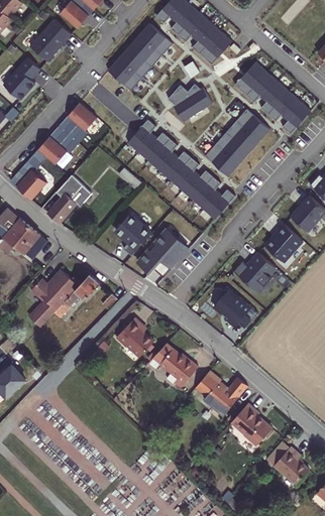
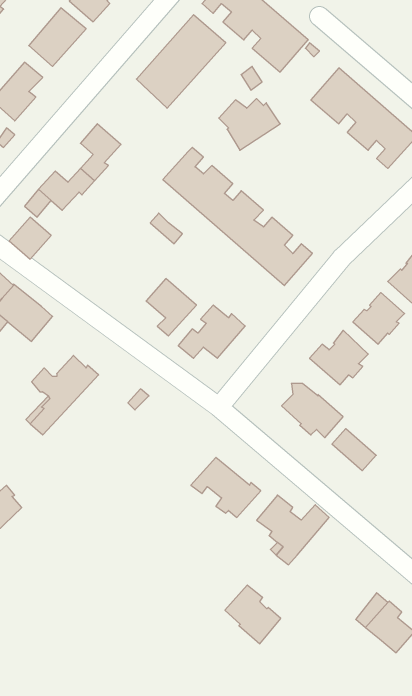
building: [205,109,269,176] -> none
building: [47,174,91,223] -> none
building: [53,273,100,317] -> none
building: [116,317,153,357] -> none
building: none -> [332,429,376,471]
building: [231,403,272,445] -> [225,585,281,644]

